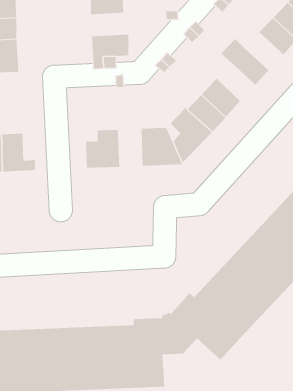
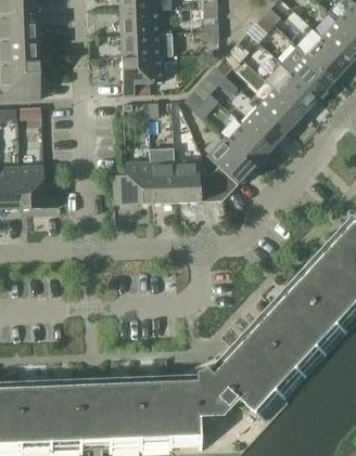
building: none -> [119,31,171,57]
building: none -> [281,43,335,95]
building: none -> [260,88,304,130]
building: none -> [151,146,177,204]

